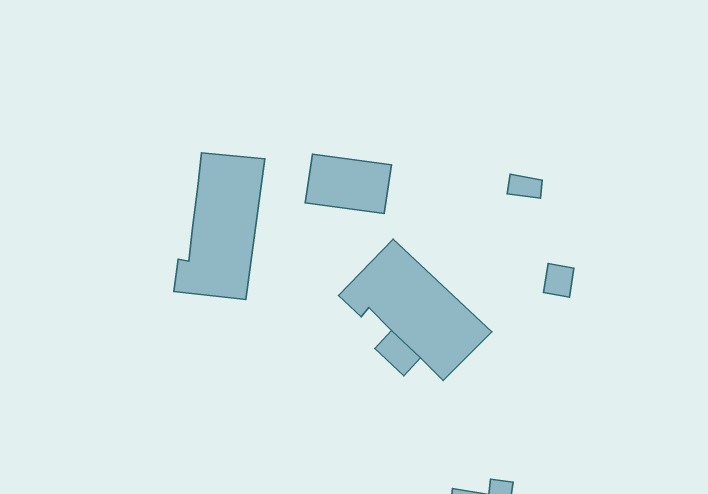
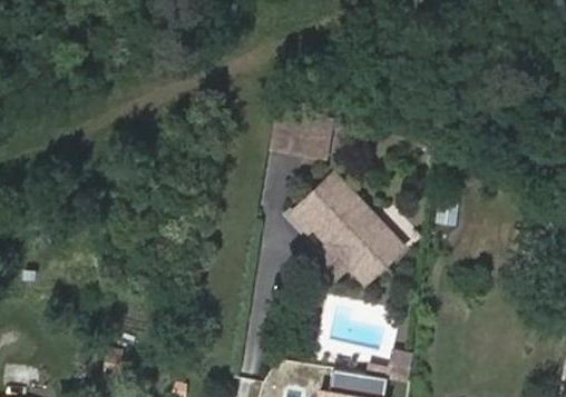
building: [174,153,265,300] -> none

